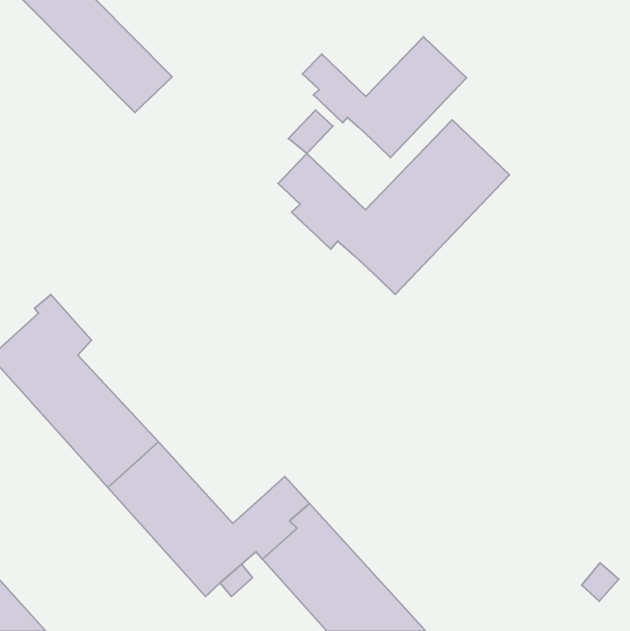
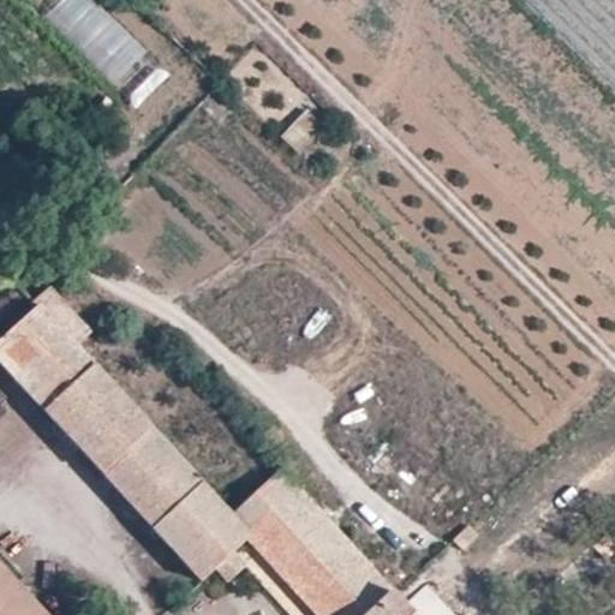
building: [302,37,466,158] -> none
building: [278,120,509,294] -> none

